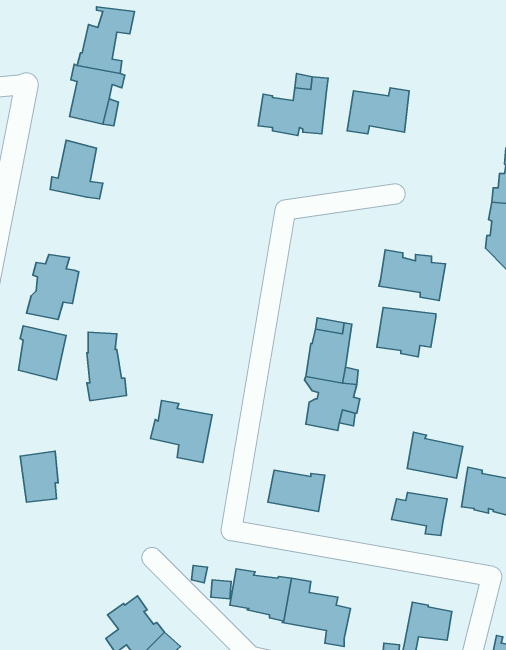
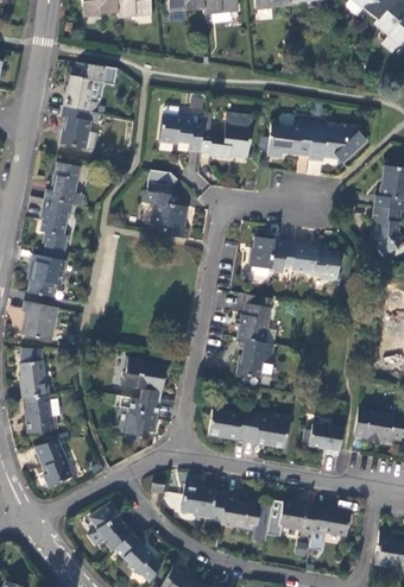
building: none -> [162,114,204,151]
building: none -> [309,120,367,163]
building: none -> [149,183,190,239]
building: none -> [40,198,72,247]
building: [377,307,436,357] -> [252,236,296,273]
building: [87,332,126,400] -> [19,347,49,398]
building: [407,432,463,478] -> [246,412,288,447]
building: none -> [126,398,159,437]
building: none -> [33,440,69,488]
building: none -> [265,500,316,538]

